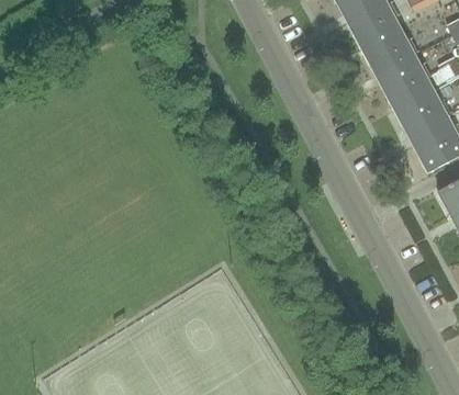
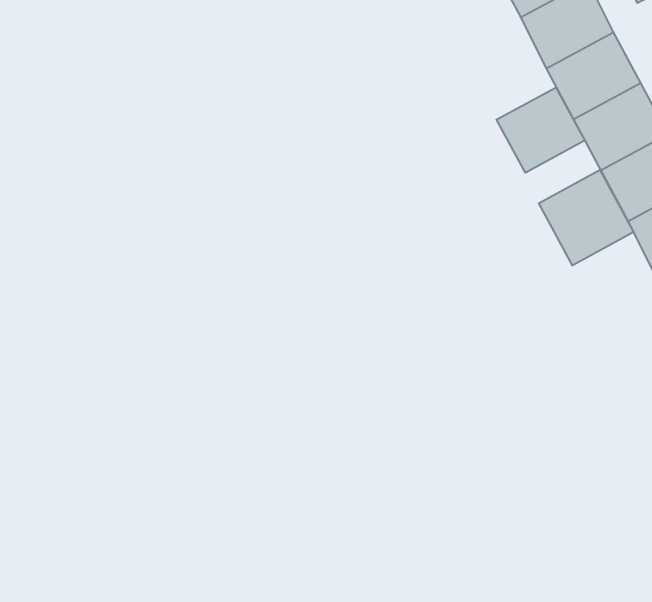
building: none -> [496,87,585,173]
building: none -> [539,170,633,265]

